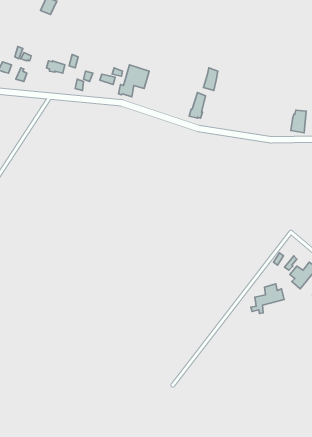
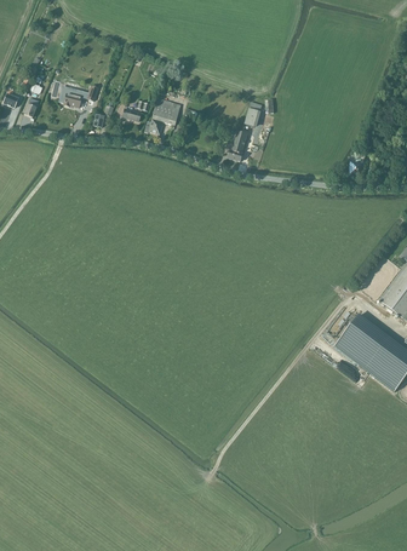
building: [251,284,284,313] -> none

